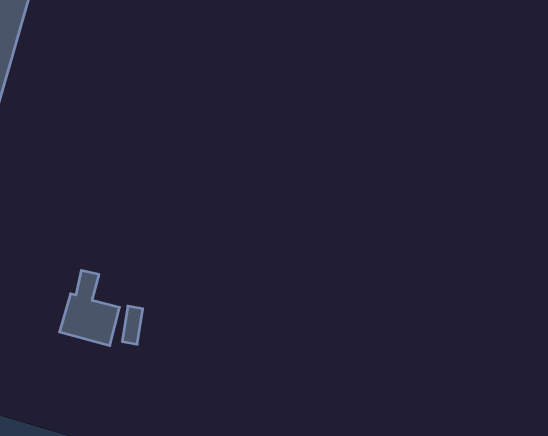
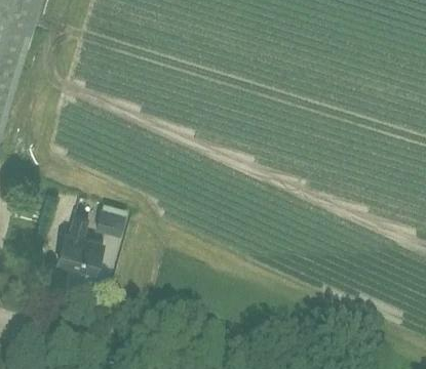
building: none -> [95,208,126,235]

